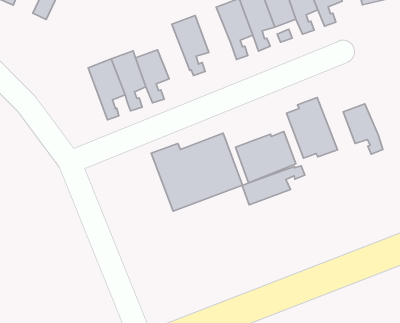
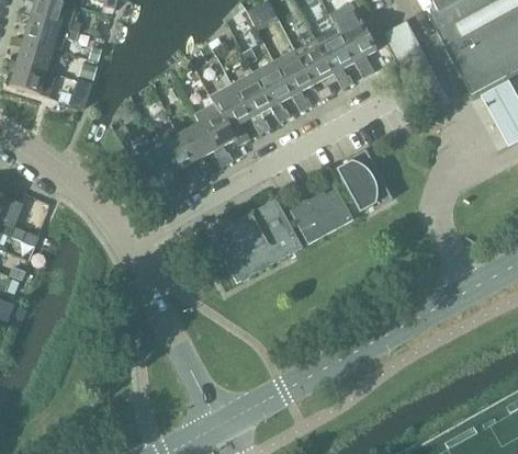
building: none -> [233,72,272,133]
building: none -> [194,102,235,166]
building: [343,104,383,154] -> none
building: [242,166,305,205] -> none

